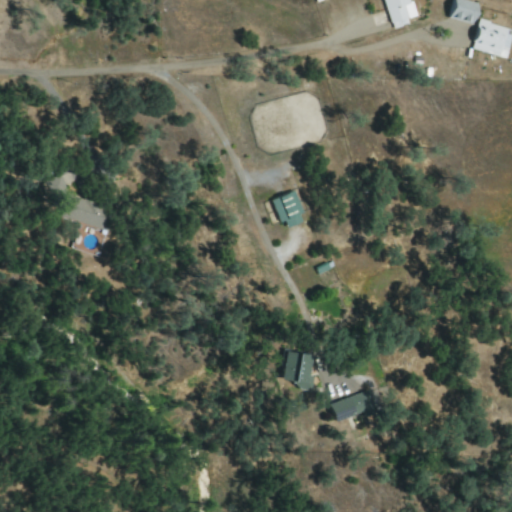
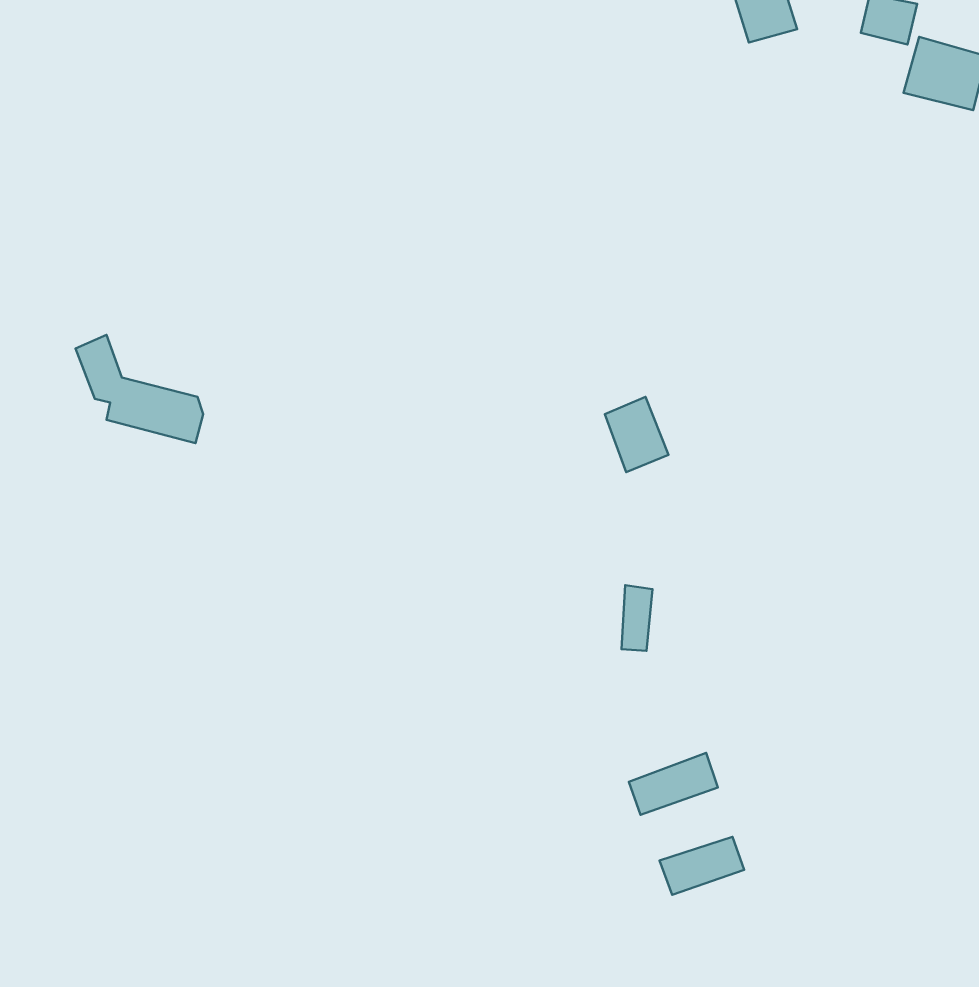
building: [274,190,307,229] -> [605,397,669,472]
building: [295,353,311,387] -> [621,585,652,651]
building: none -> [660,837,744,895]

